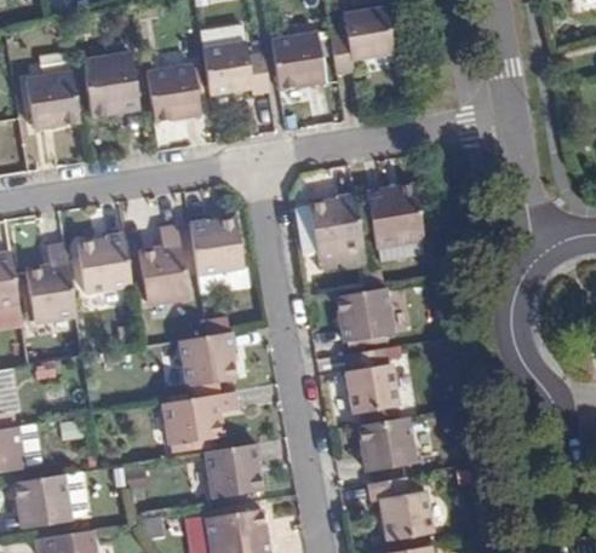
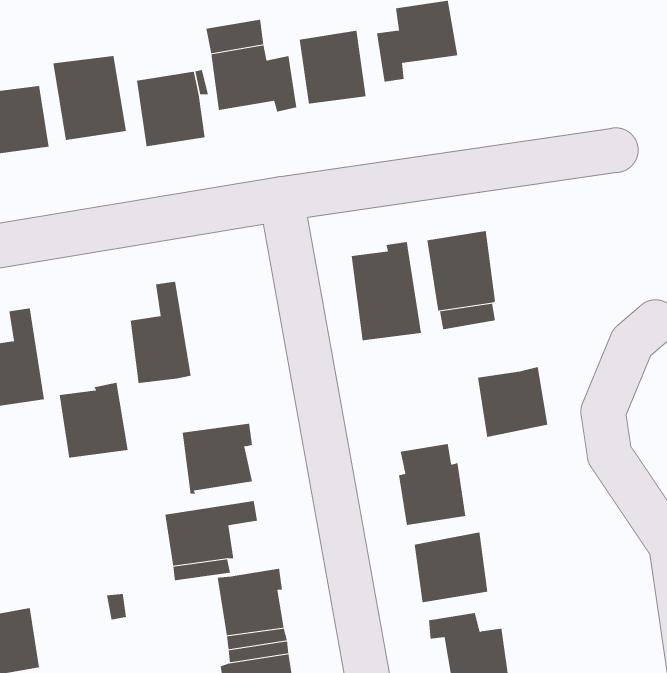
building: [188,218,242,275] -> none
building: [78,235,131,293] -> [59,382,128,458]
building: [337,288,391,342] -> [477,366,548,437]

